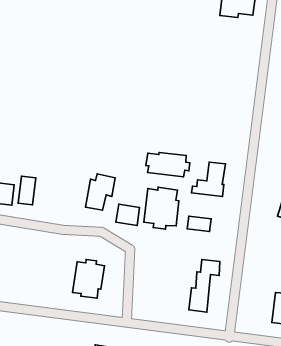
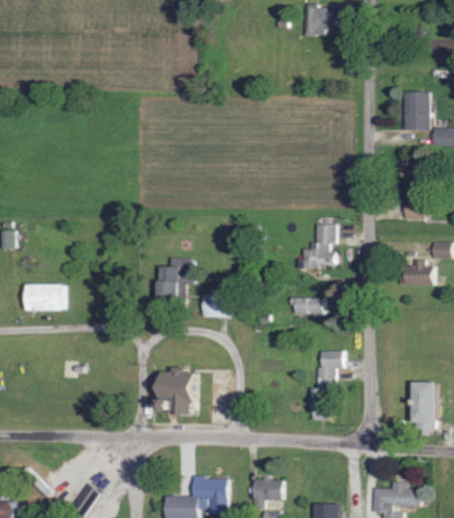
building: [146,153,190,177] -> none
building: [18,176,36,205] -> none
building: [144,187,179,229] -> none

